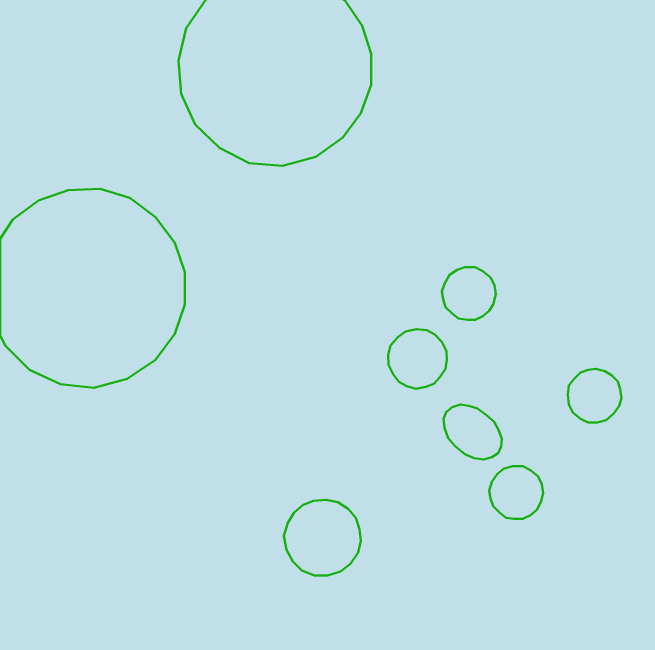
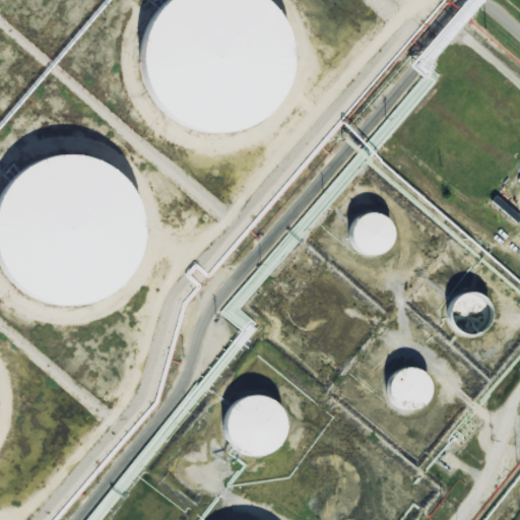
building: [388,329,447,389] -> none
building: [444,404,502,460] -> none

